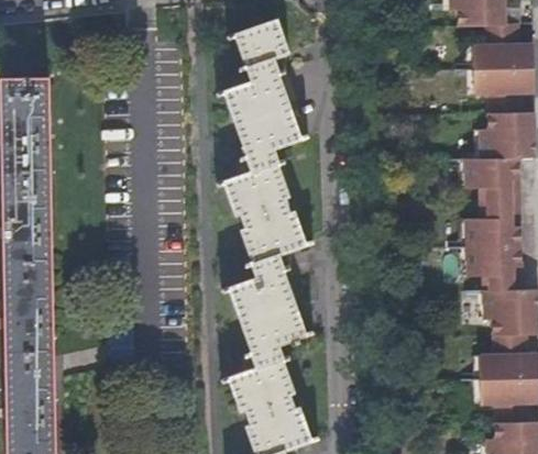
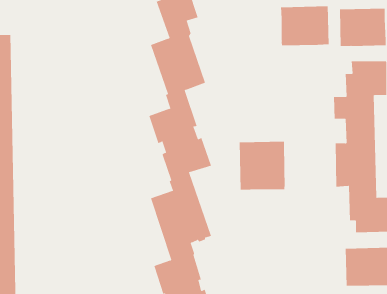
building: none -> [281,6,329,46]
building: none -> [239,141,285,191]

